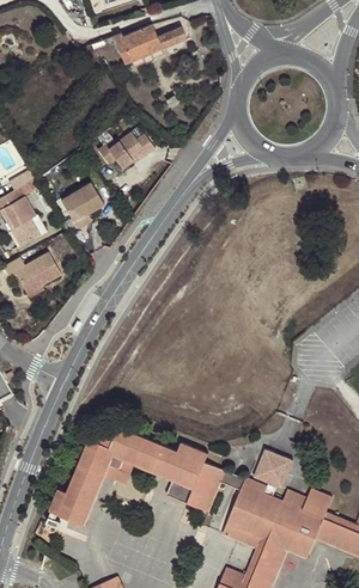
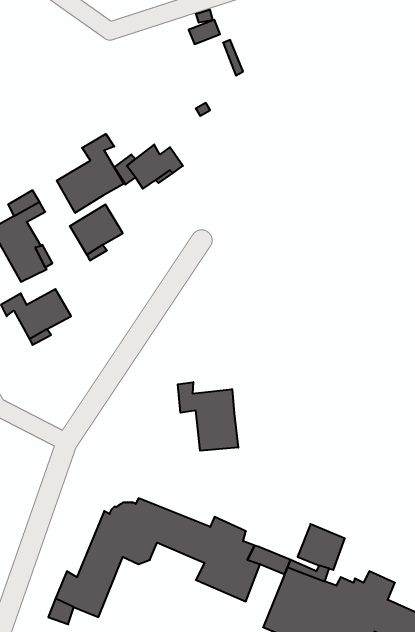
building: [112,24,162,66] -> none
building: none -> [57,134,124,213]
building: none -> [178,382,238,451]

